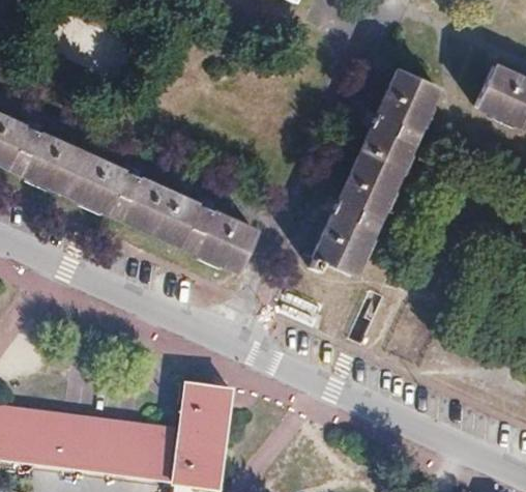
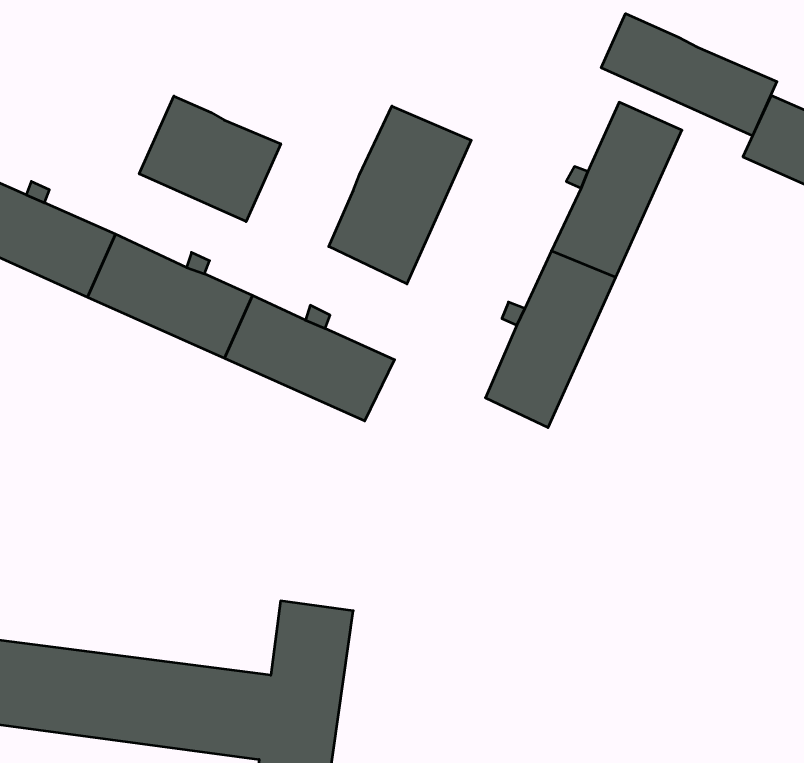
building: none -> [601,14,777,136]
building: none -> [139,96,281,222]
building: none -> [329,106,471,284]

